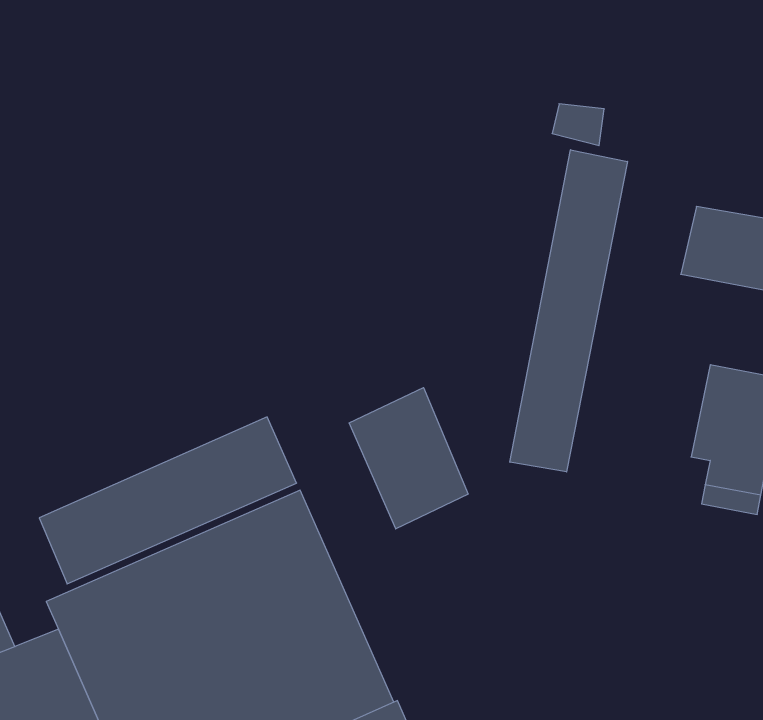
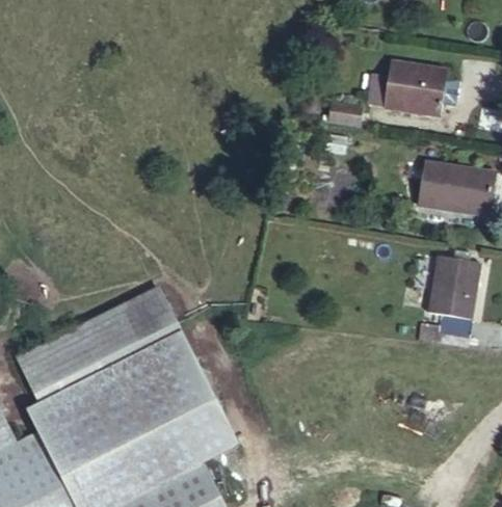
building: none -> [368,59,447,111]
building: [510,150,627,472] -> none
building: [349,388,468,529] -> none

